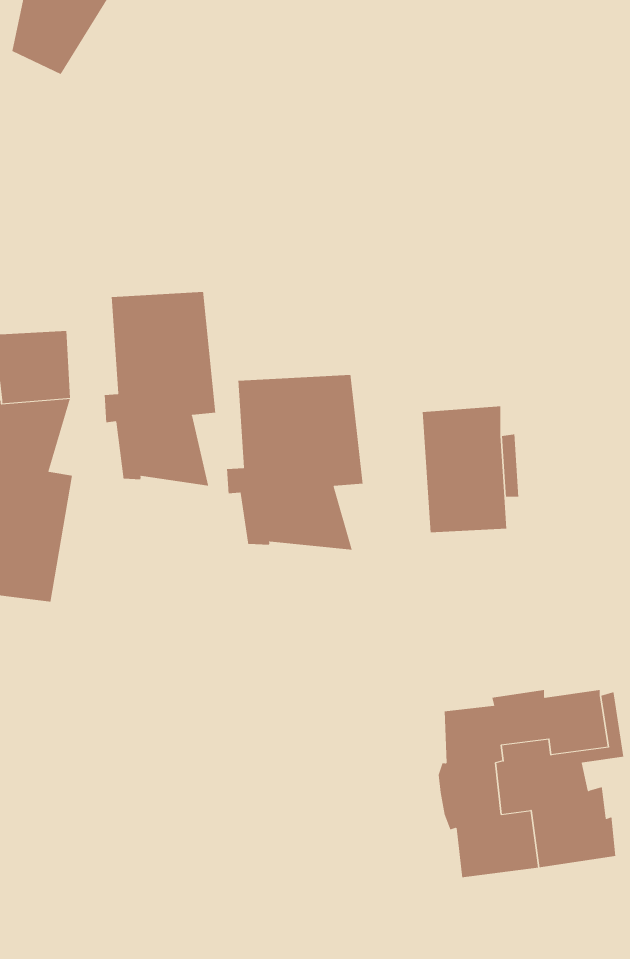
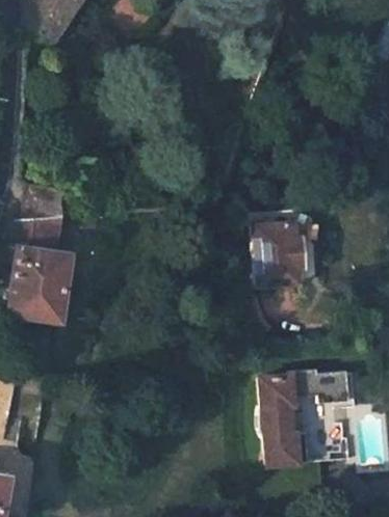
building: [104,291,216,487] -> none
building: [227,374,363,550] -> none

